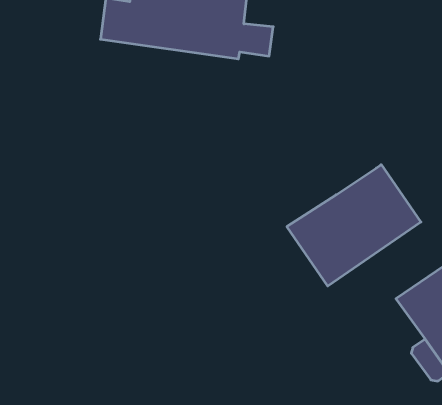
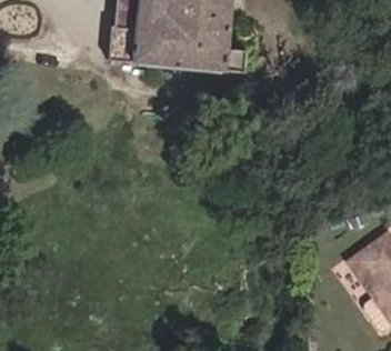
building: [287,165,421,286] -> none

